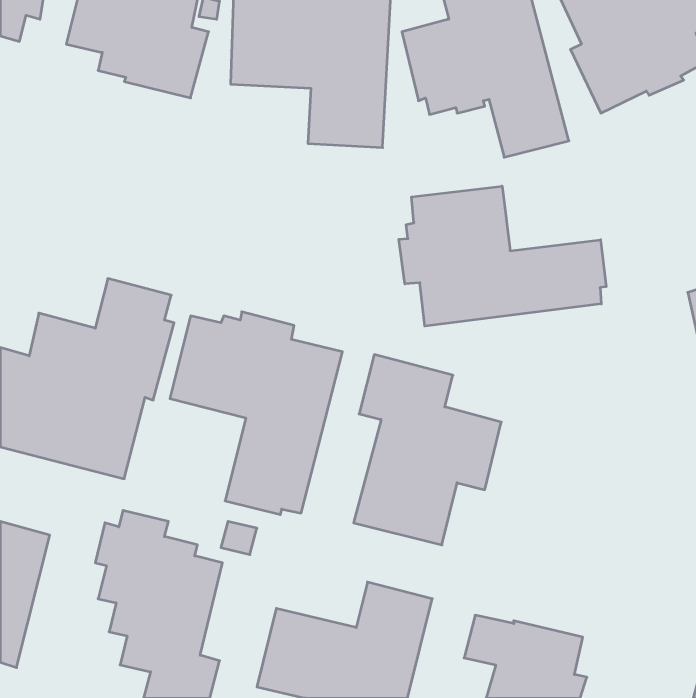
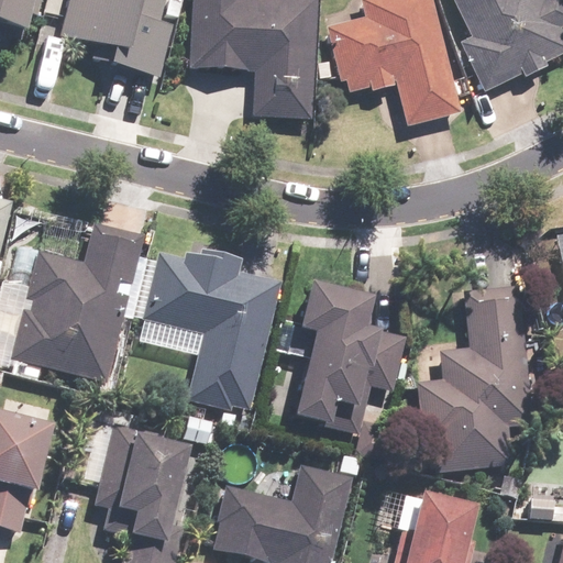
building: [399,186,606,326] -> none
building: none -> [417,284,536,472]

